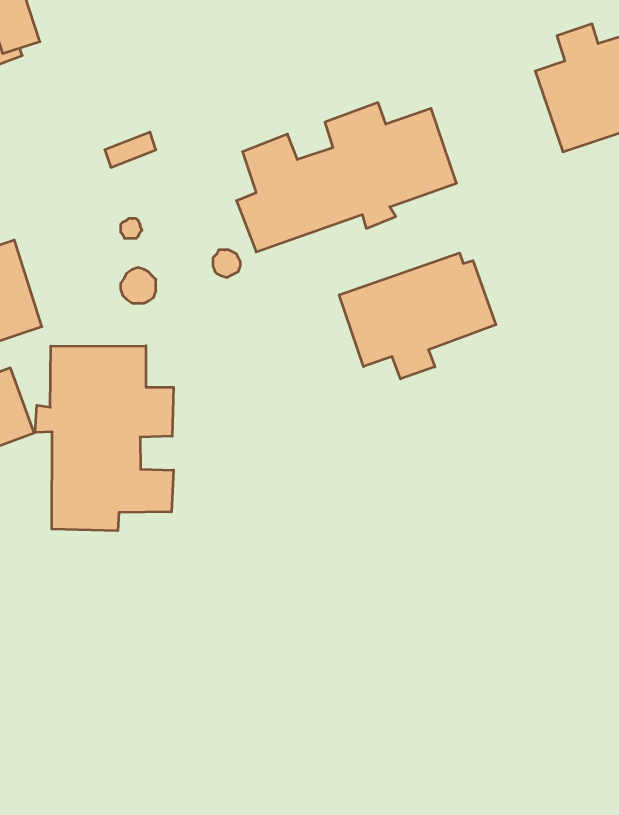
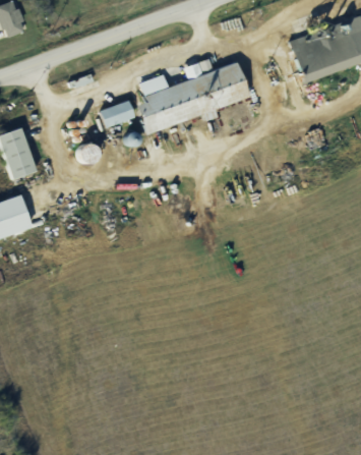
building: none -> [99,99,136,128]
building: [339,253,496,379] -> none
building: [35,346,174,531] -> none

